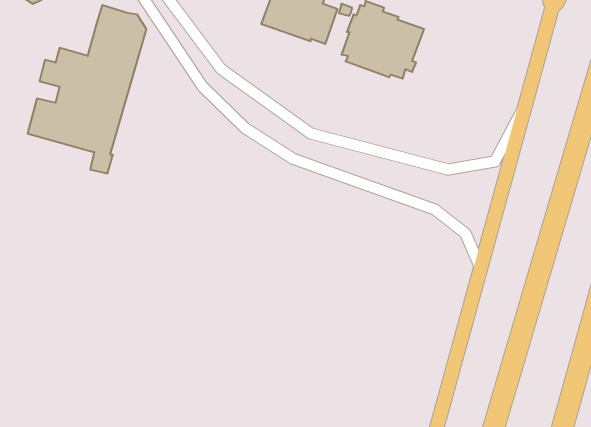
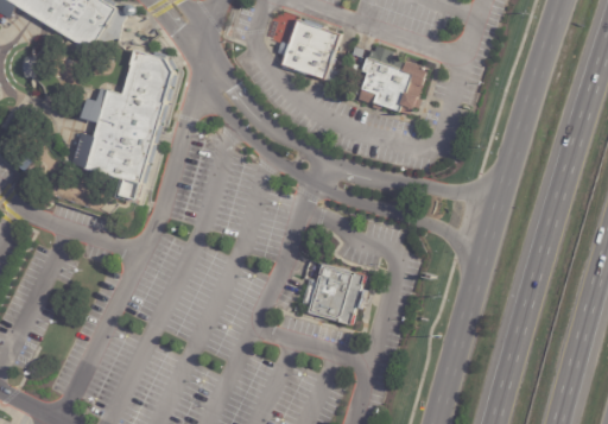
building: none -> [299,258,366,322]

